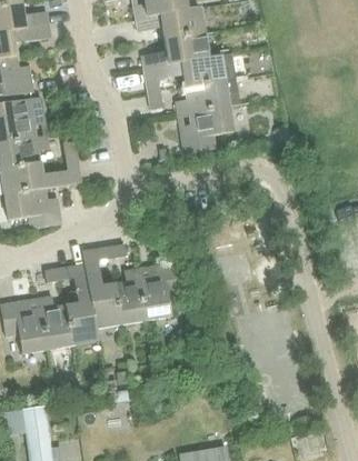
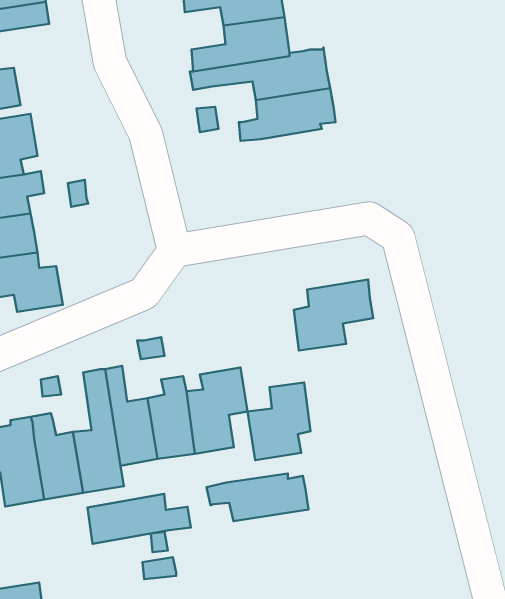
building: [180,107,232,153] -> [294,279,373,350]
building: none -> [247,382,311,460]
building: none -> [206,473,308,521]
building: none -> [87,494,191,544]

